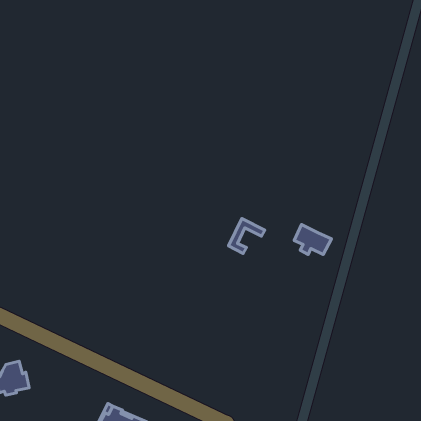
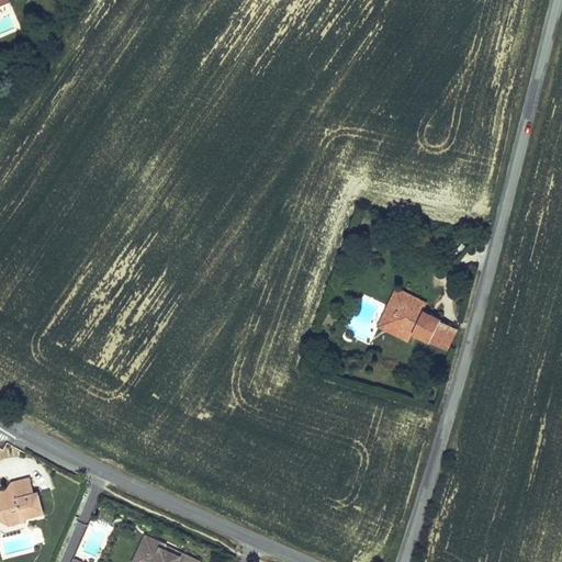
building: [228,219,265,253] -> [378,289,426,335]
building: none -> [428,319,456,348]

